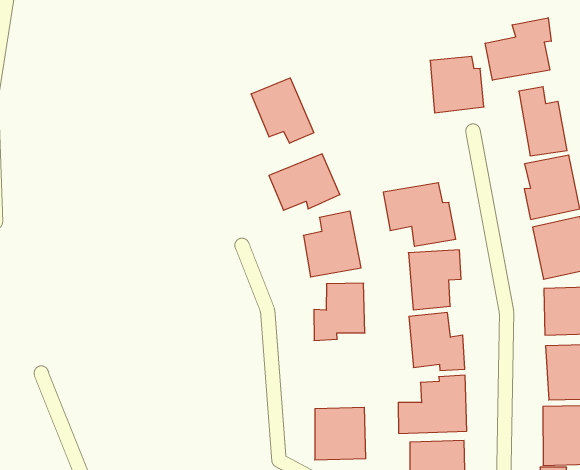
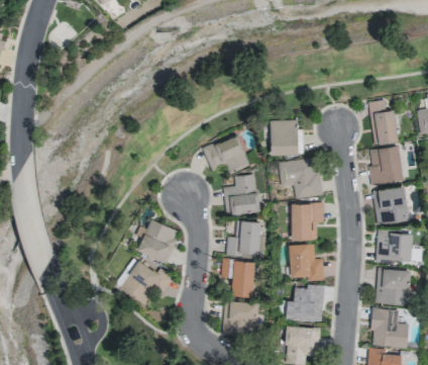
building: [485,18,551,80] -> none
building: [430,56,484,113] -> [271,120,304,156]
building: [251,78,314,143] -> none
building: none -> [137,220,180,263]
building: none -> [222,260,255,297]
building: none -> [116,257,175,304]

